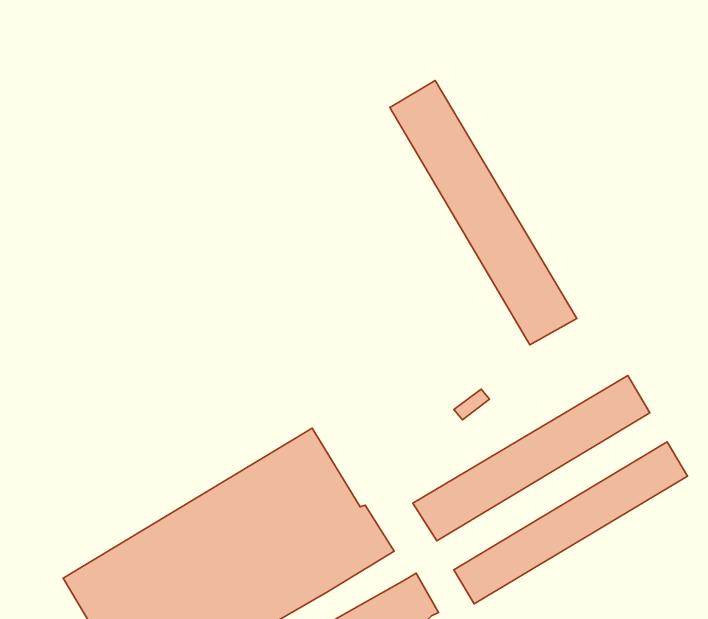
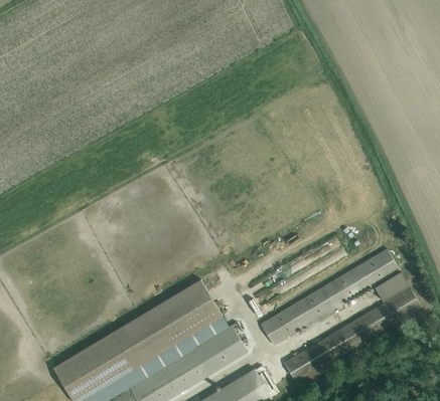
building: [390,80,577,345] -> none
building: none -> [374,272,408,302]

